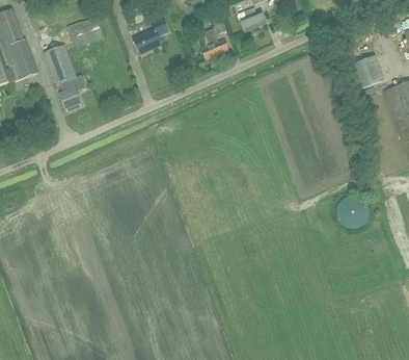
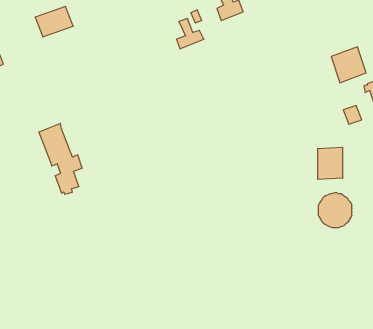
building: [133,18,169,53] -> none
building: [45,44,86,111] -> [39,123,82,194]
building: none -> [318,147,343,179]

